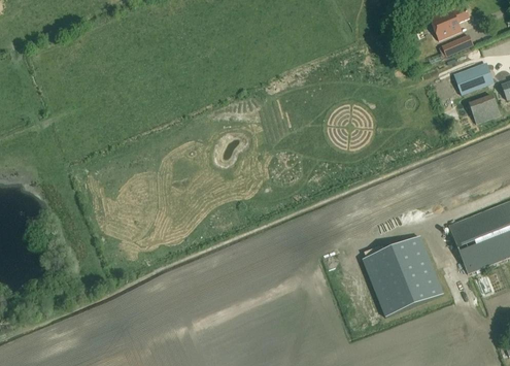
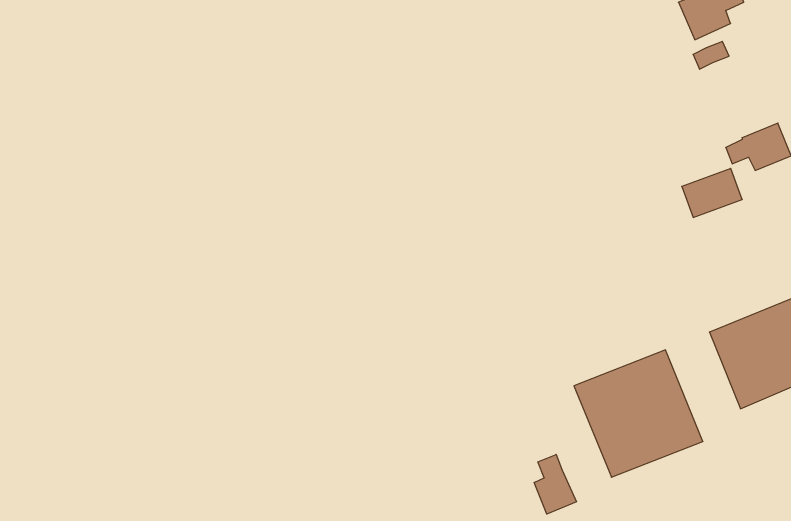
building: [455,63,494,94] -> [682,168,742,217]
building: none -> [534,454,577,514]

